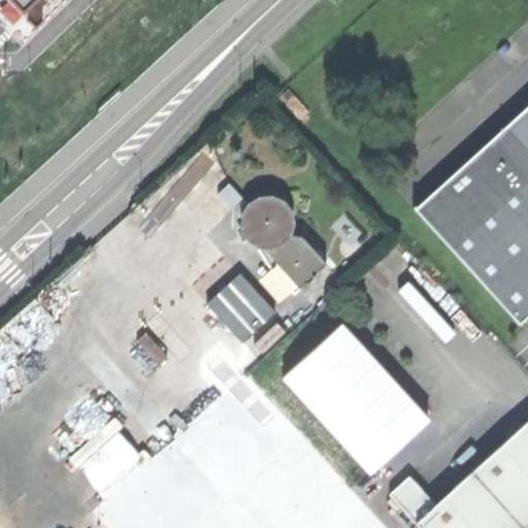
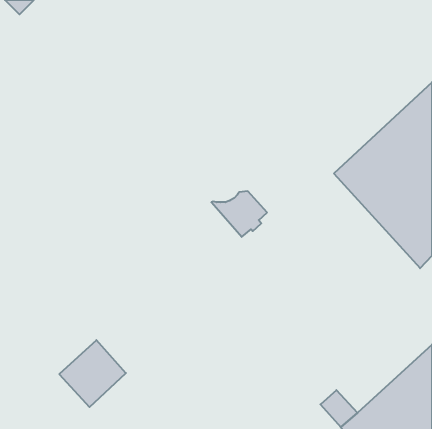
building: [241,197,296,251] -> none
building: [209,275,277,343] -> none
building: [285,323,432,474] -> none

